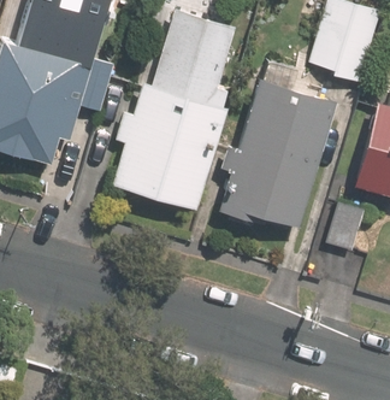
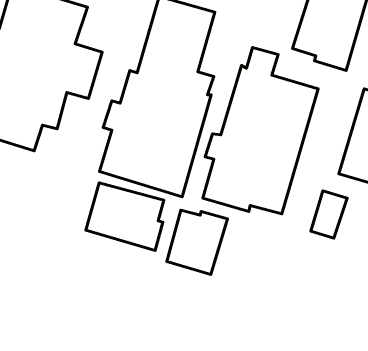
building: none -> [86,183,164,251]
building: none -> [167,210,227,274]

